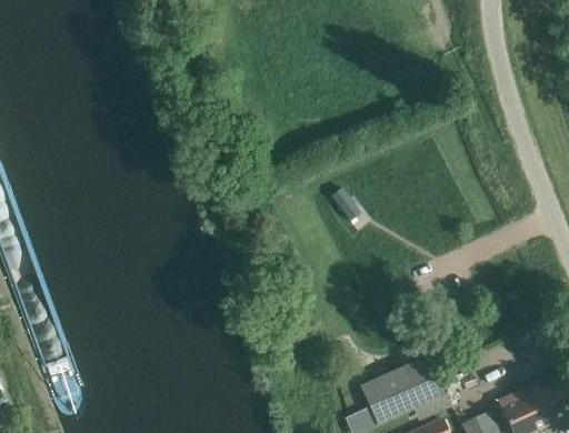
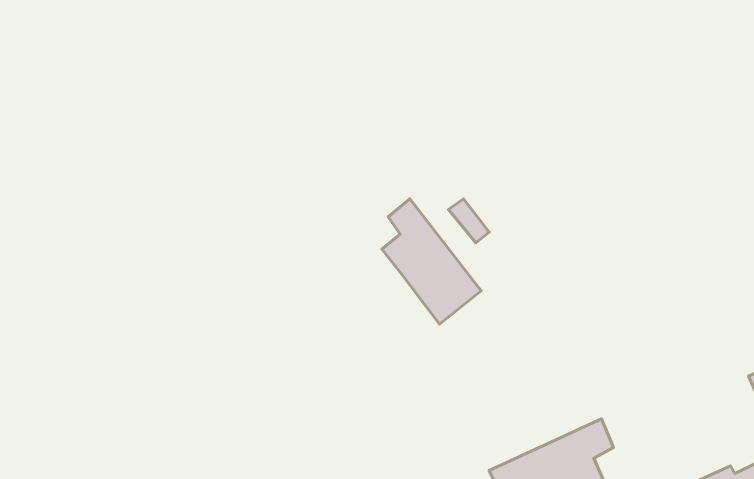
building: none -> [382,199,481,324]

